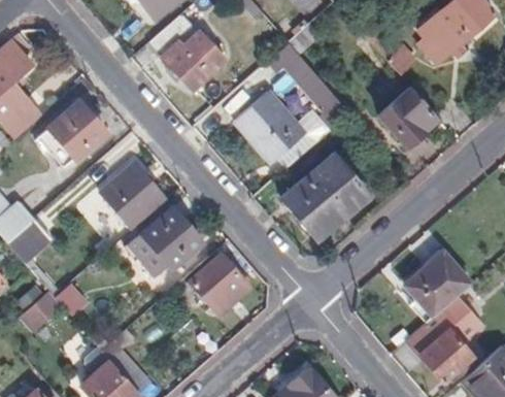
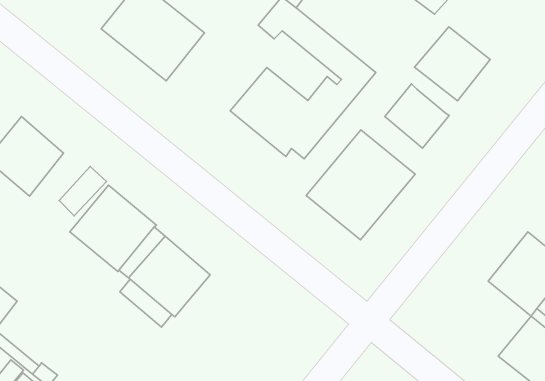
building: none -> [385,84,449,148]
building: [188,255,242,309] -> none

